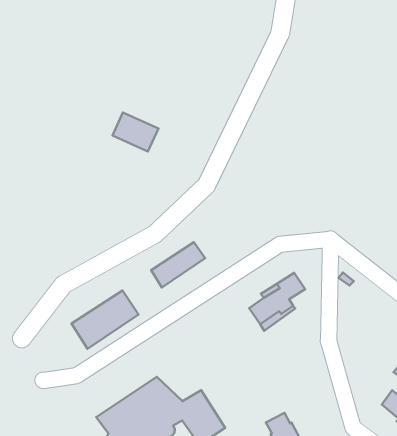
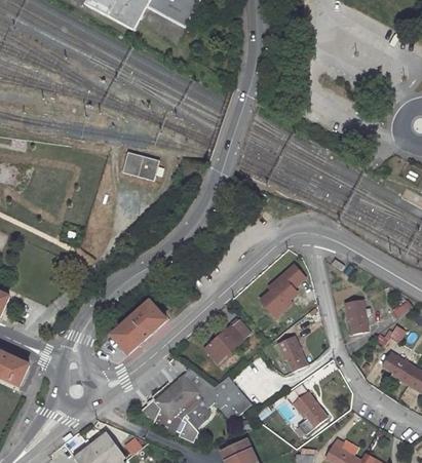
building: [151,242,205,288] -> [205,319,250,361]
building: none -> [344,298,368,333]
building: none -> [277,335,307,371]

